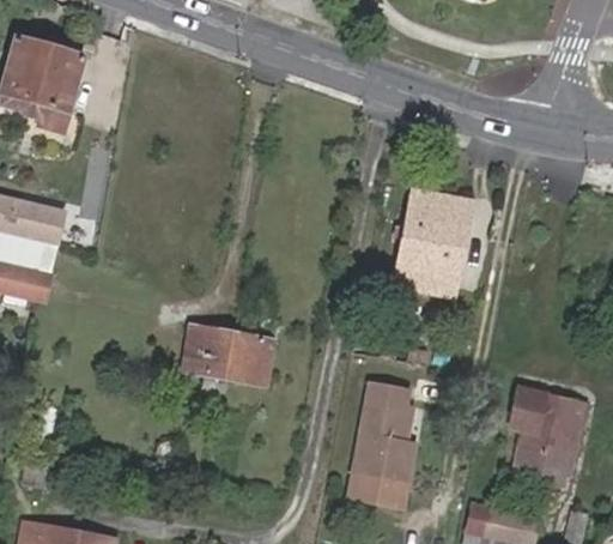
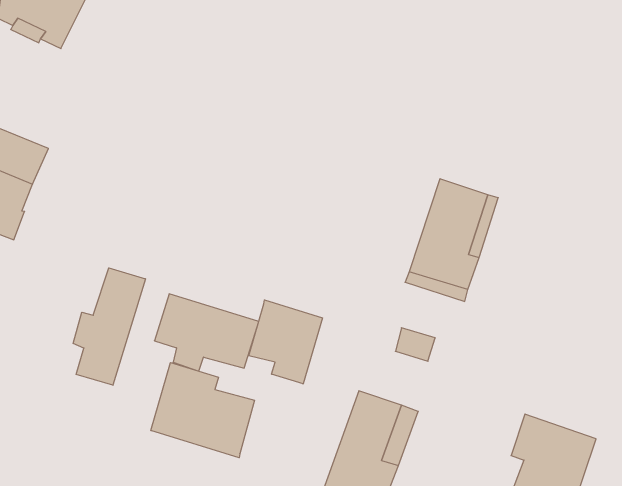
building: none -> [73,268,145,385]
building: none -> [249,300,323,384]
building: none -> [151,363,255,458]

